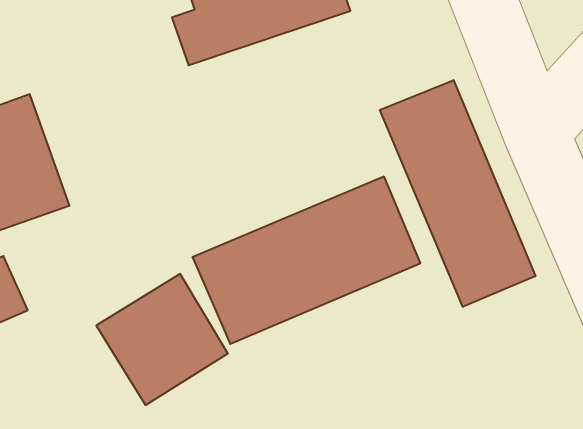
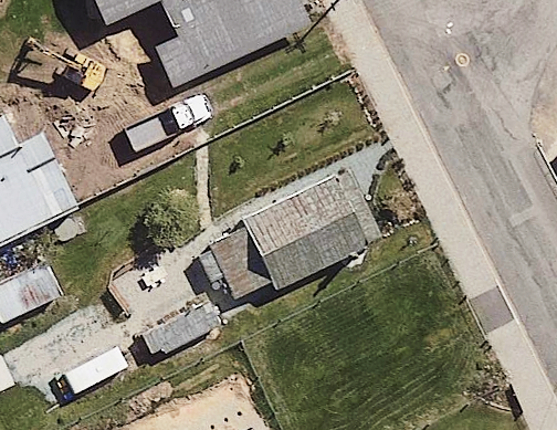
building: [380,80,535,307] -> none

